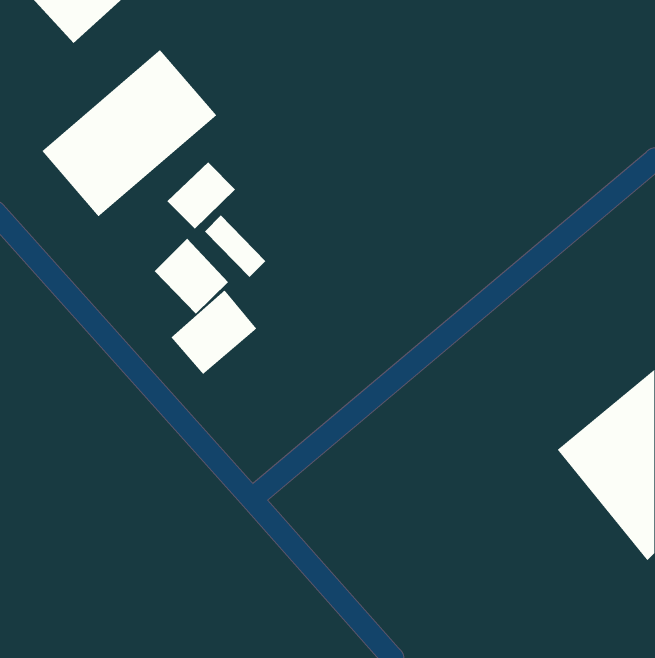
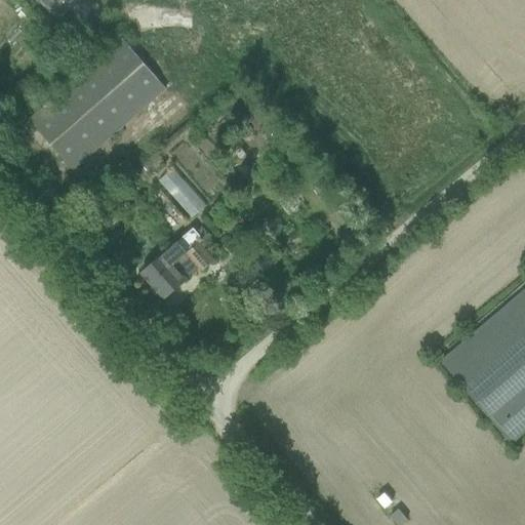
building: [166,161,236,230] -> none
building: [154,238,229,314] -> none

